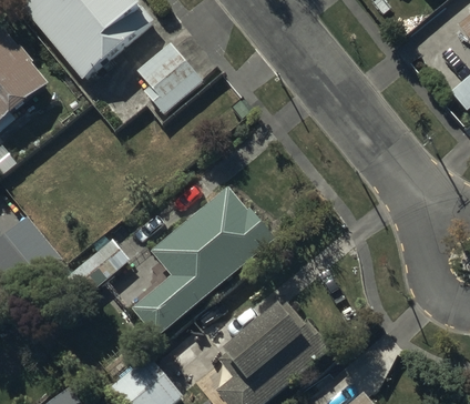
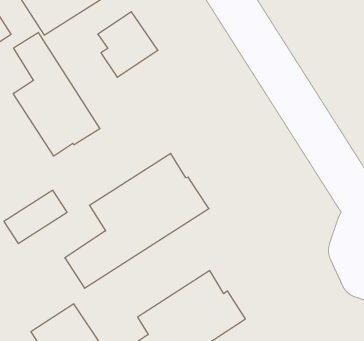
building: none -> [13,32,100,156]

